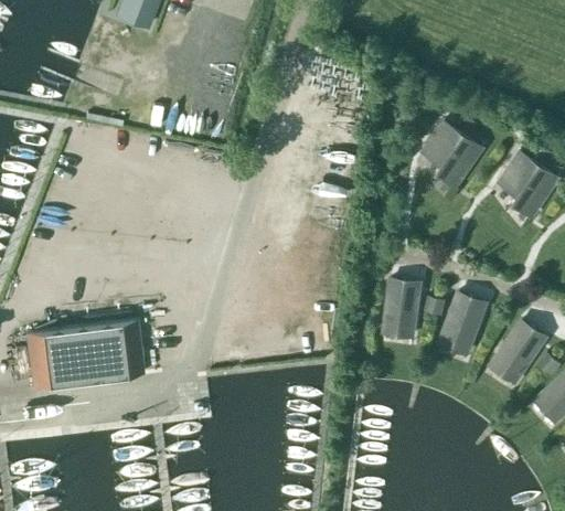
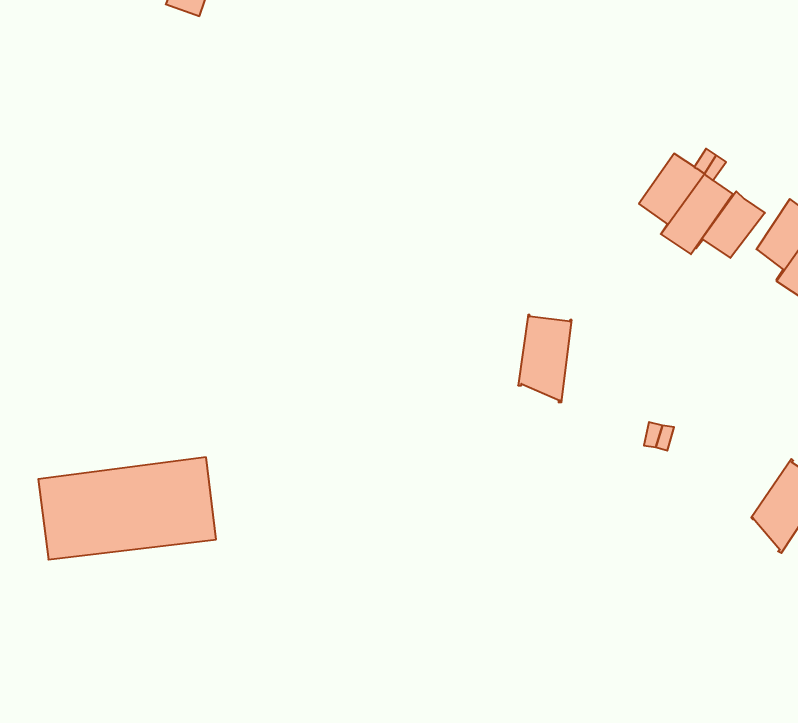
building: none -> [695,191,765,258]
building: [383,280,418,338] -> [518,315,572,402]
building: [441,294,484,355] -> none

